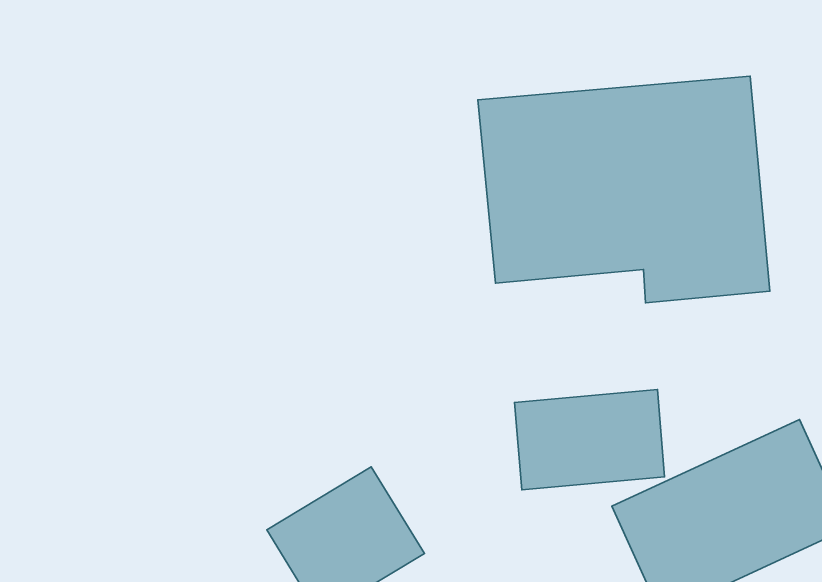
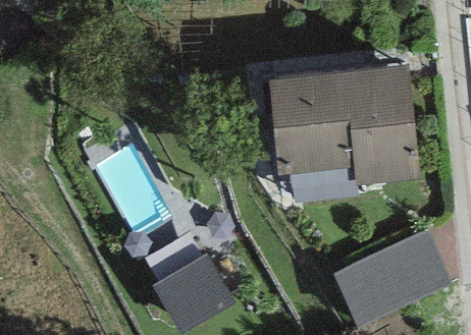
building: [515,389,665,490] -> none

